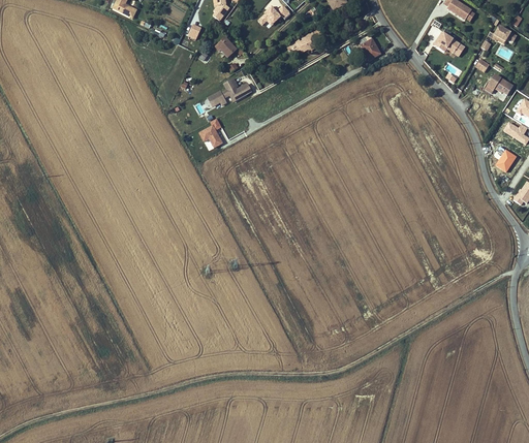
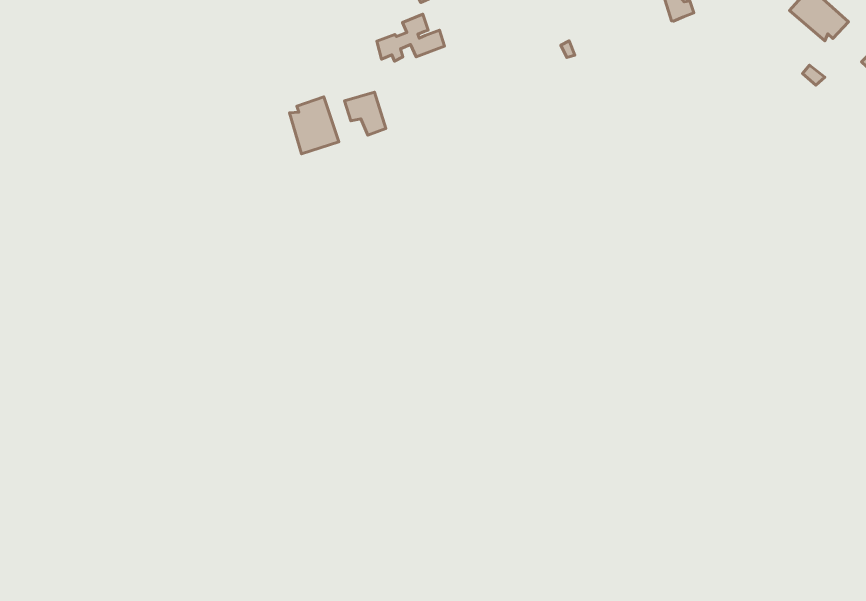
building: none -> [289,97,339,154]

